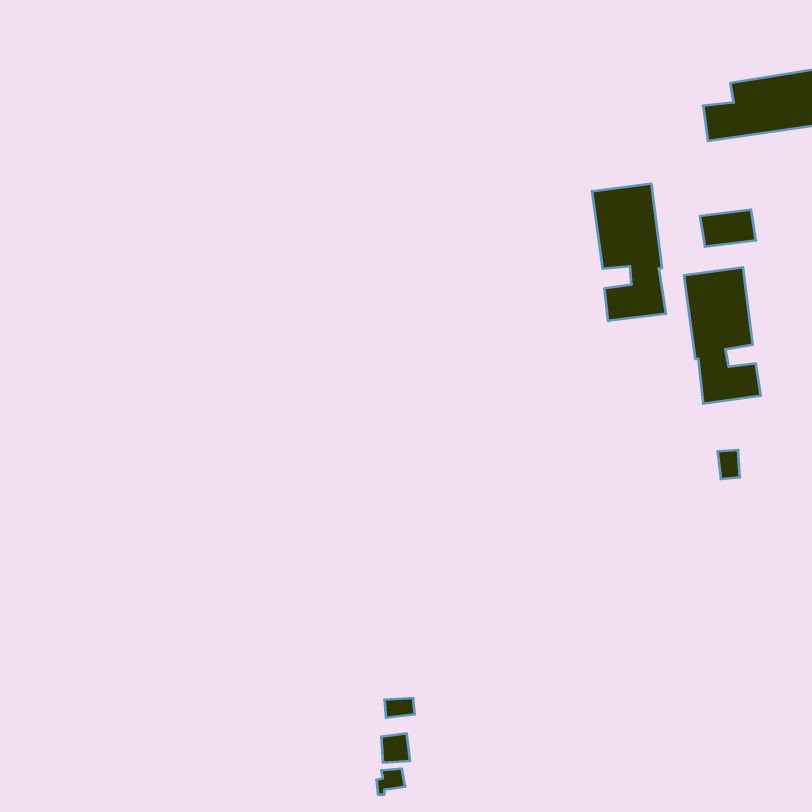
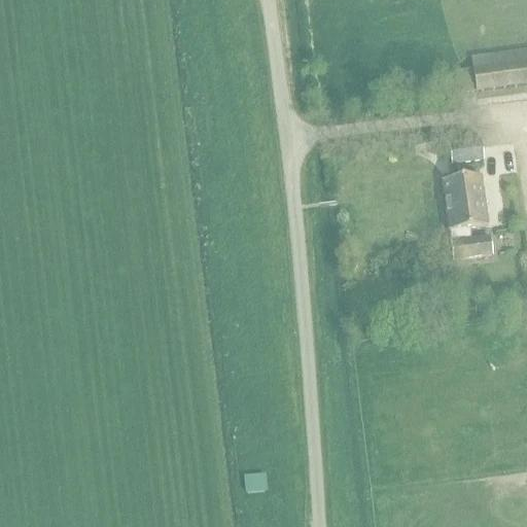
building: [592,184,666,321] -> none

